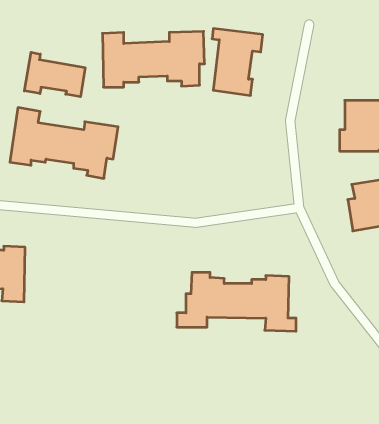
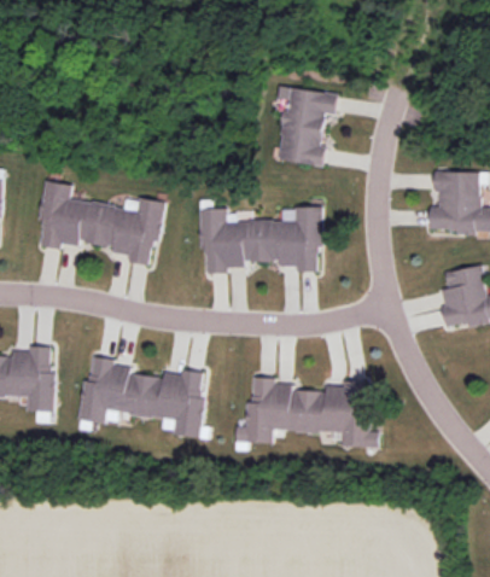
building: [102,31,205,87] -> [202,206,323,273]
building: [24,52,85,97] -> none
building: none -> [78,356,206,437]

